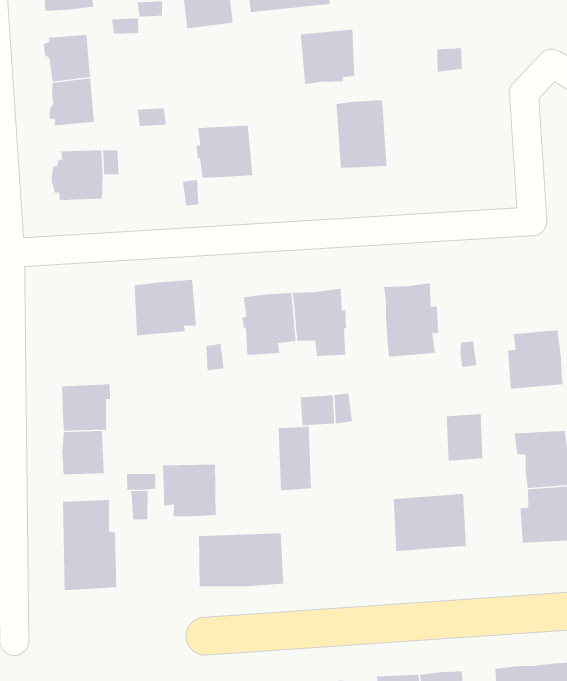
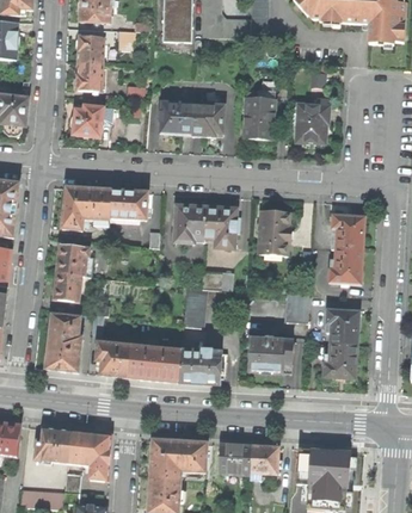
building: [300,29,355,85] -> [191,103,225,135]
building: none -> [296,103,328,141]
building: none -> [331,215,364,249]
building: none -> [64,186,111,229]
building: [162,464,217,517] -> [96,341,130,376]
building: none -> [178,350,221,383]

